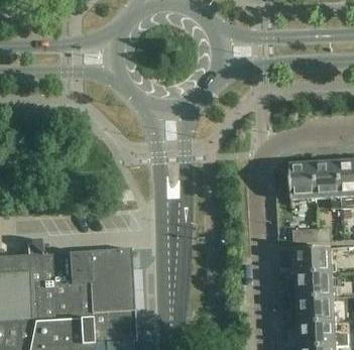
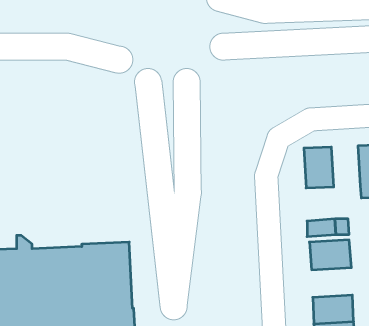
building: [312,160,338,198] -> none
building: [293,271,331,299] -> none

